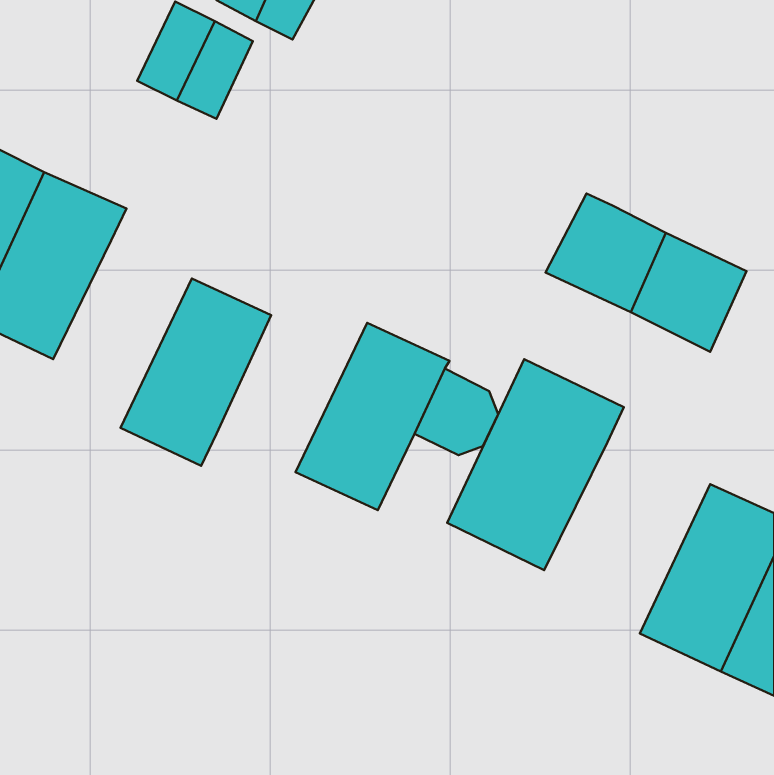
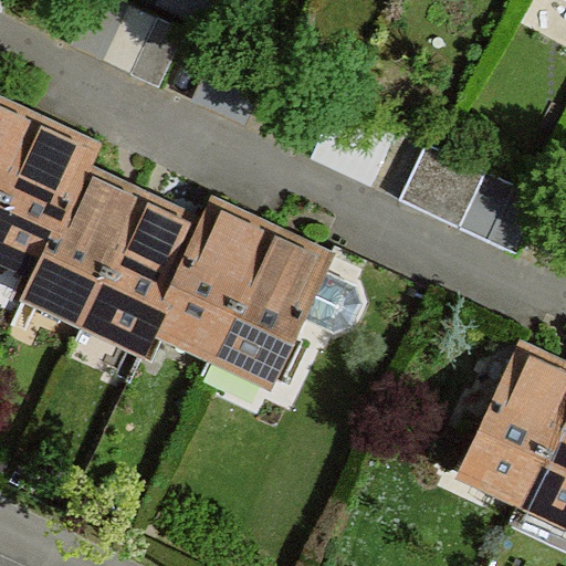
building: none -> [29,175,139,311]
building: none -> [157,206,266,343]
building: [447,359,624,570] -> none

